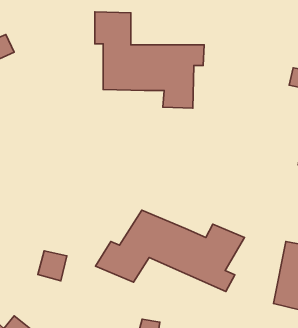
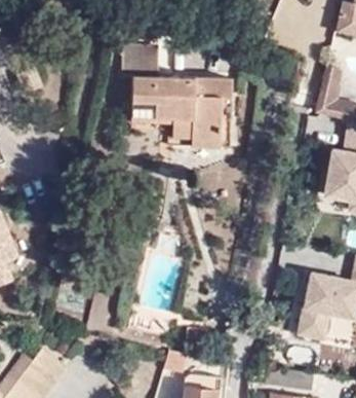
building: none -> [170,98,230,146]
building: [95,210,245,291] -> none

